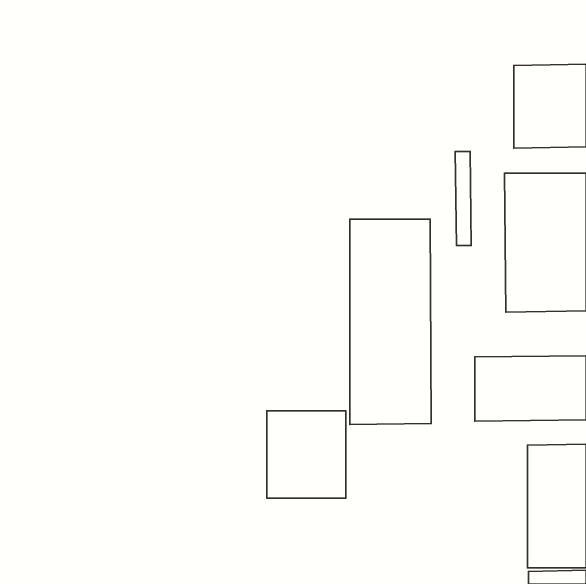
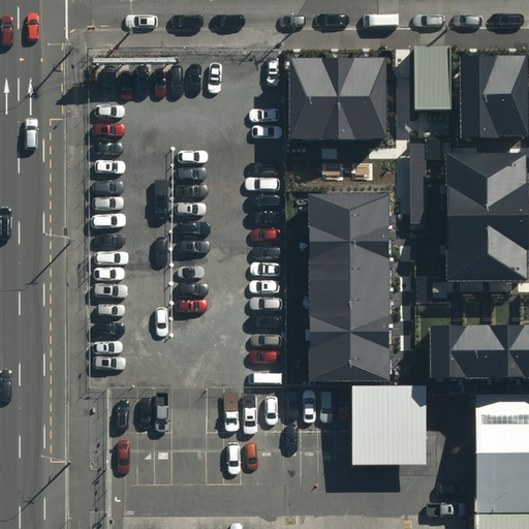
building: none -> [414,46,449,110]
building: none -> [287,59,387,134]
building: [267,411,346,498] -> [353,387,425,466]

